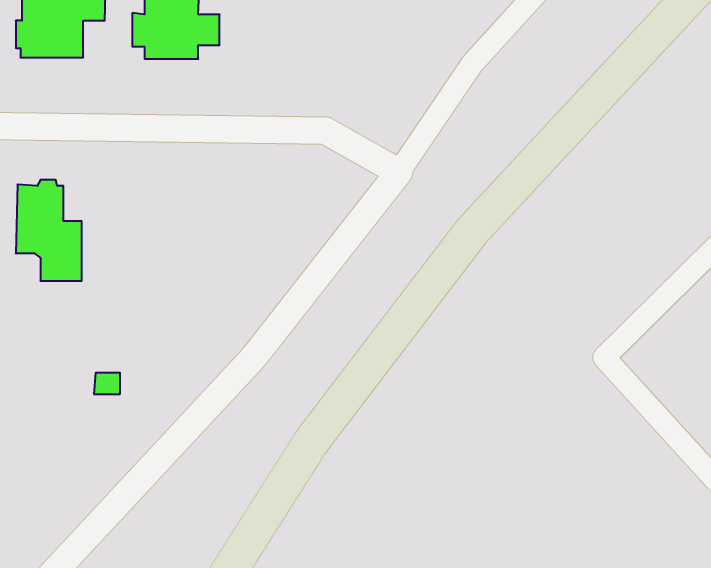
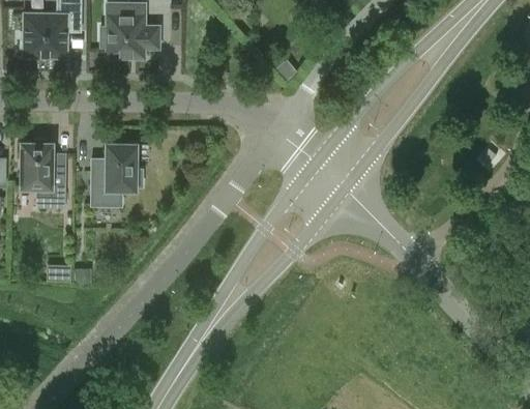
building: none -> [92,143,143,205]

